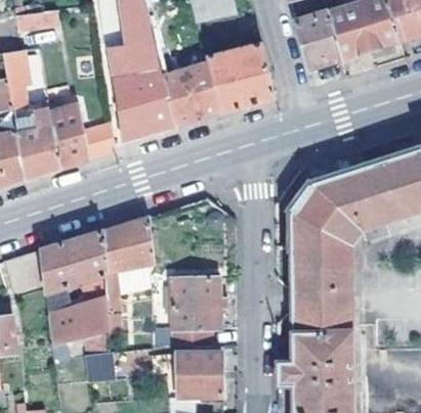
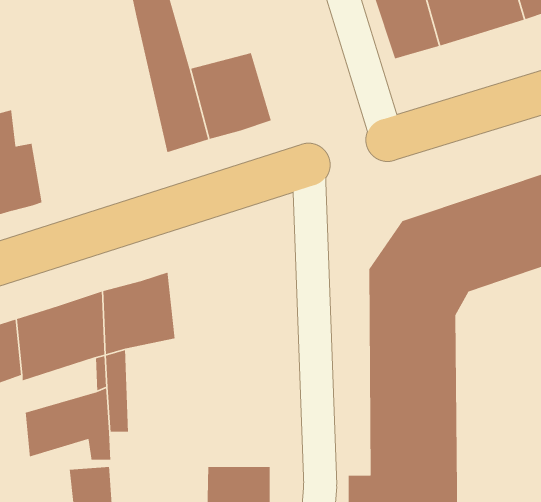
building: [113,39,149,141] -> none
building: [207,45,275,113] -> none
building: [52,104,117,169] -> none
building: [172,277,226,349] -> none

